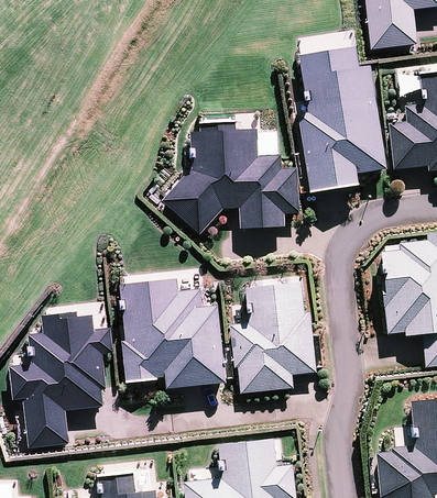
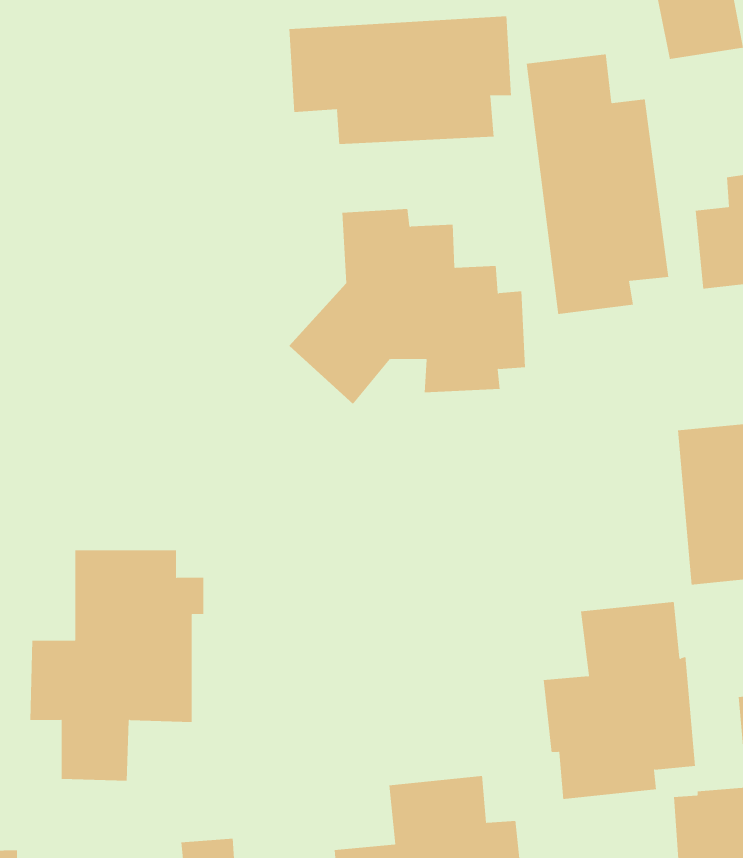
building: none -> [289,16,511,145]
building: [122,281,223,385] -> none
building: [229,281,315,392] -> [543,601,696,799]

